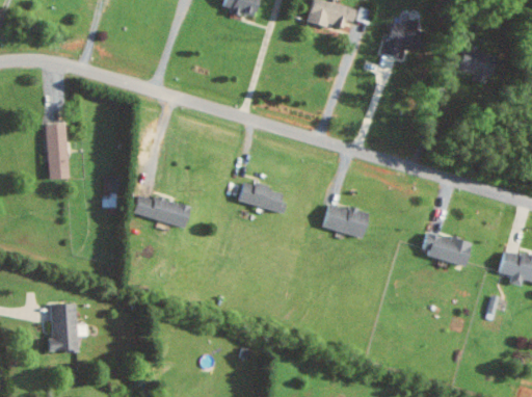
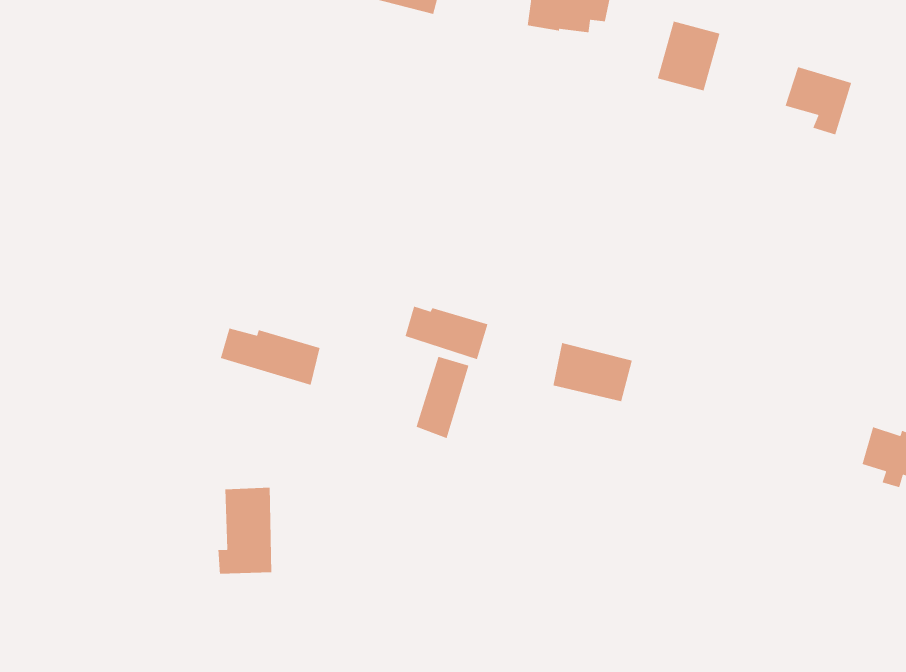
building: [48,124,70,179] -> none
building: none -> [415,356,469,439]
building: [421,231,472,266] -> none
building: [47,301,78,351] -> [217,487,272,575]

